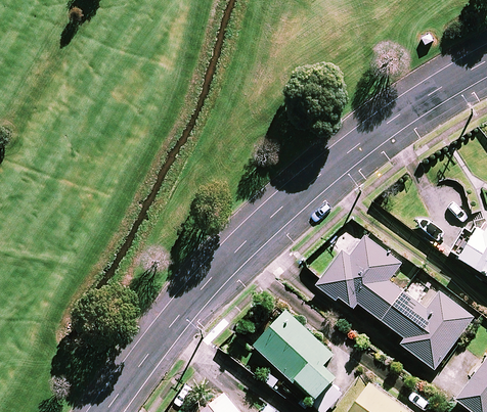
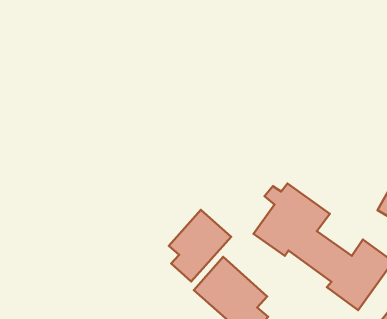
building: none -> [169,210,231,281]

